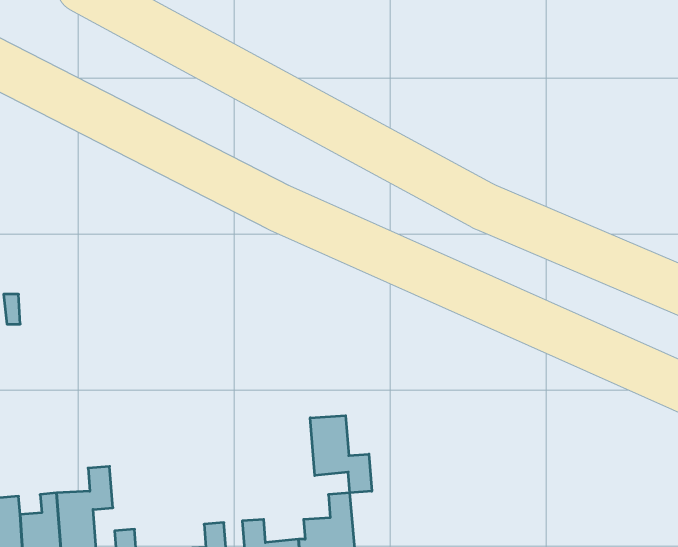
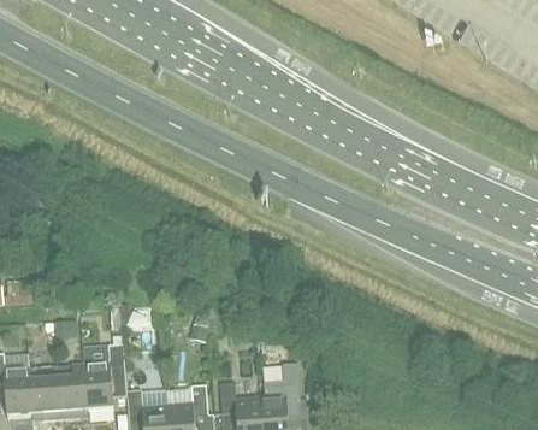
building: [310,416,372,493] -> none

